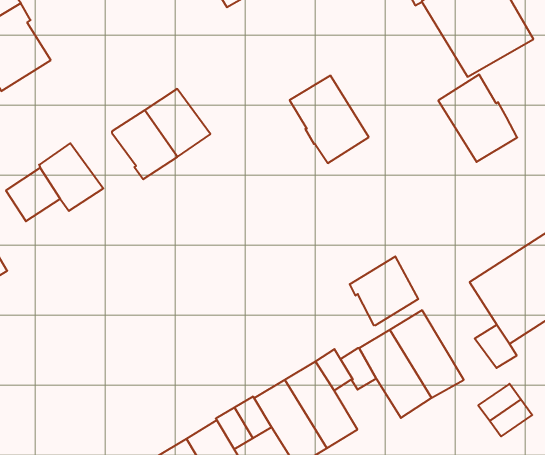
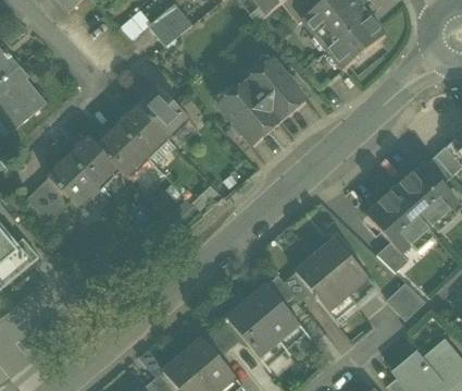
building: none -> [139,87,188,136]
building: [438,75,517,162] -> [246,59,305,121]
building: none -> [70,138,118,186]
building: [350,256,418,325] -> none

